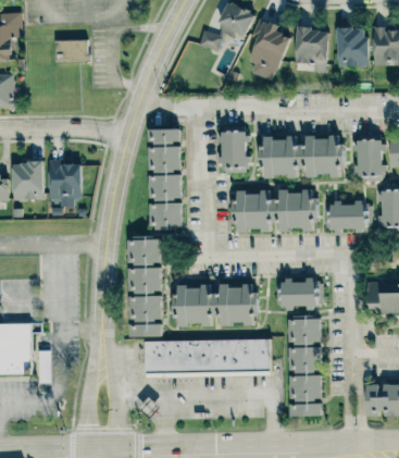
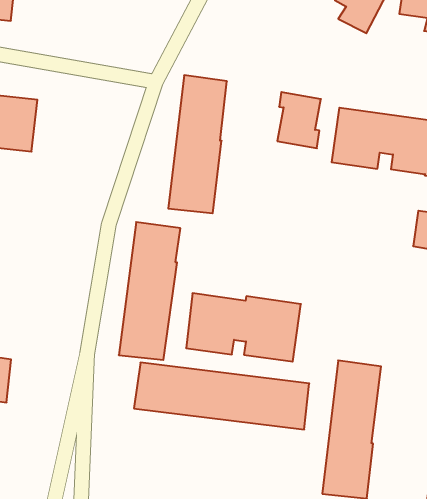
building: [50,162,82,206] -> none
building: [234,190,316,231] -> none
building: [280,277,315,308] -> none

